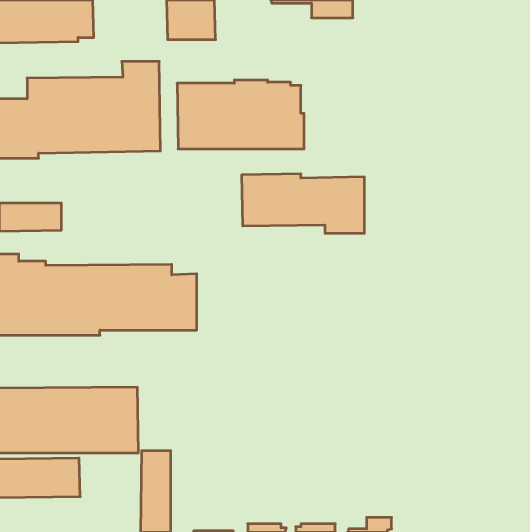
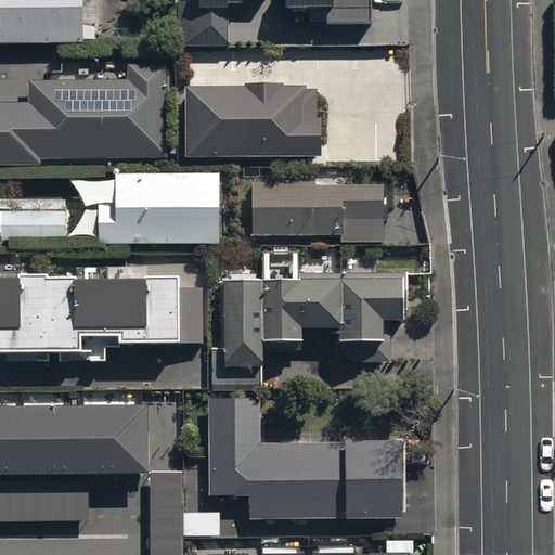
building: none -> [99,173,219,244]
building: none -> [222,251,405,367]
building: none -> [207,397,397,518]

